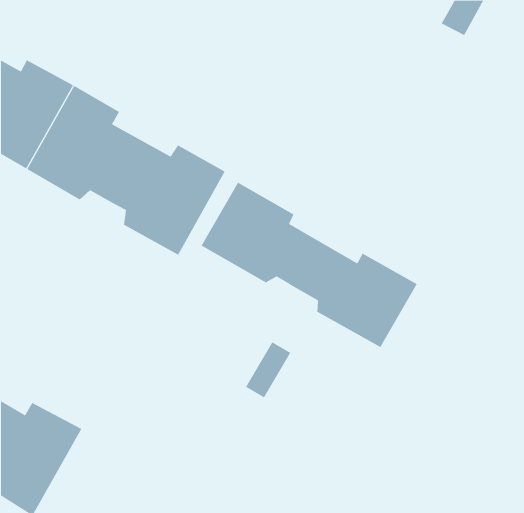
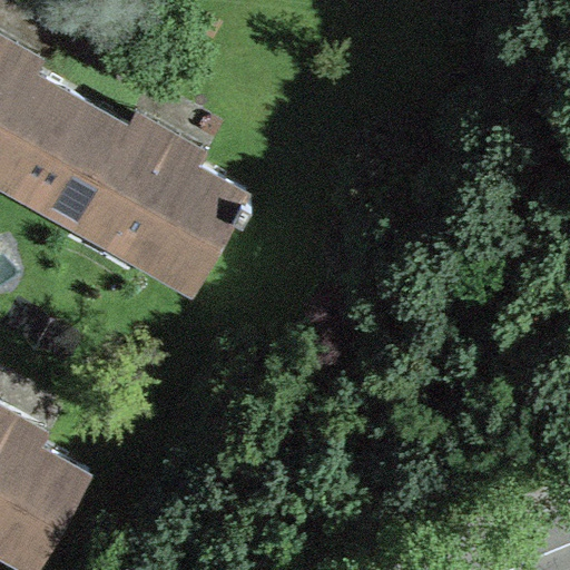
building: [201,182,418,348] -> none

